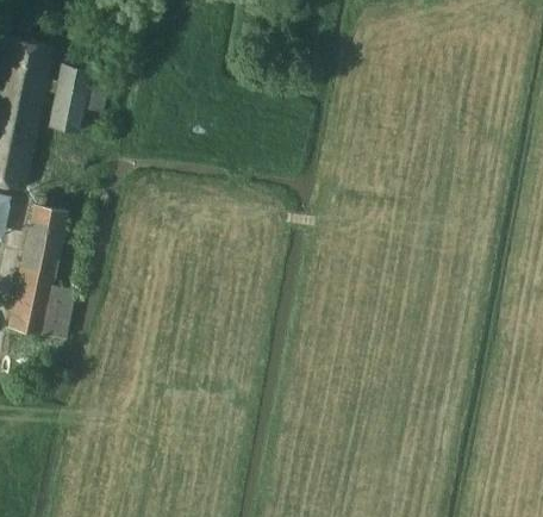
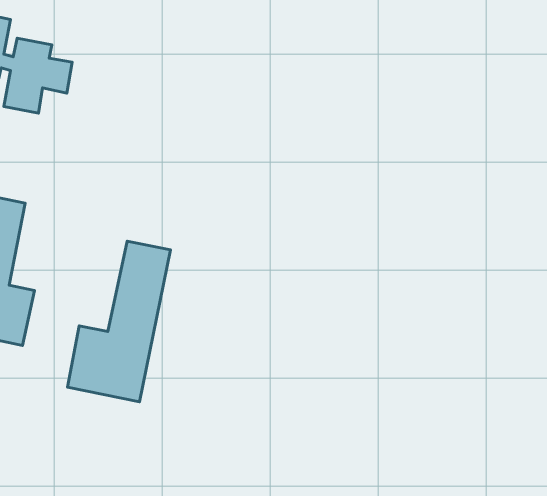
building: none -> [67,241,171,402]

